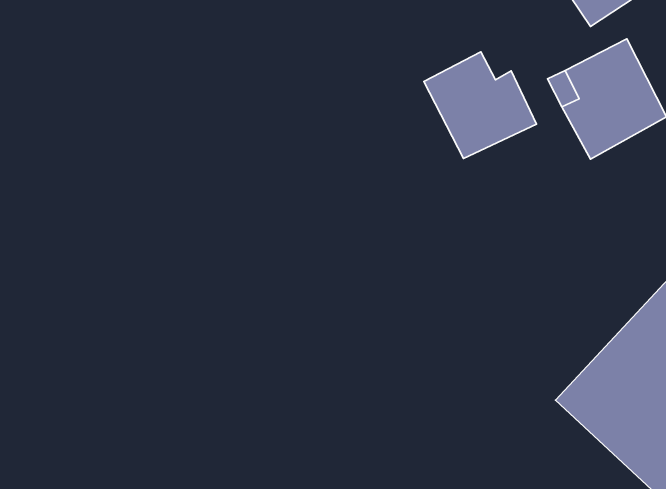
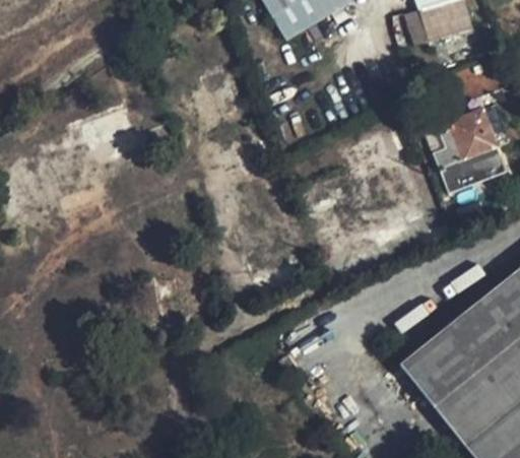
building: [424,52,536,158] -> none

